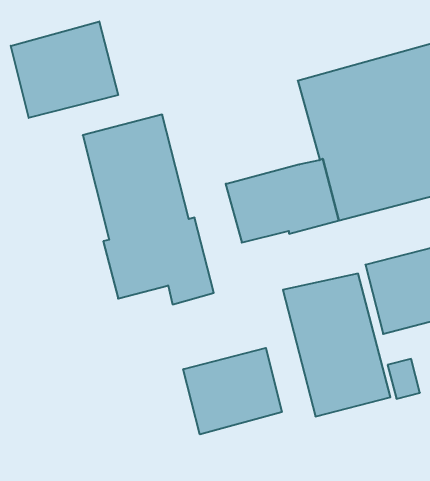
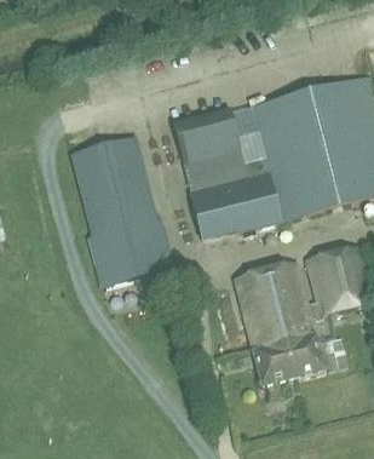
building: [11,21,118,118] -> none
building: none -> [172,108,249,191]
building: [183,348,282,434] -> none

